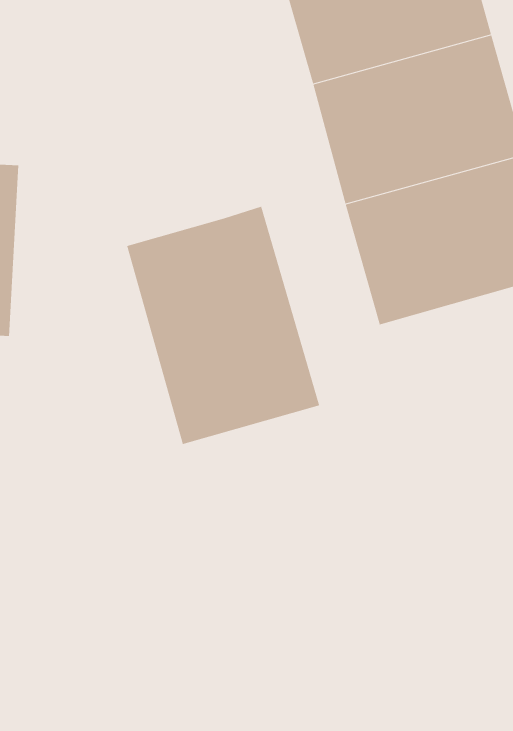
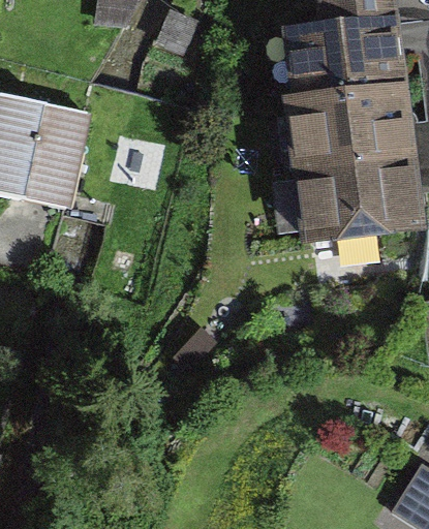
building: [126,206,320,445] -> none

